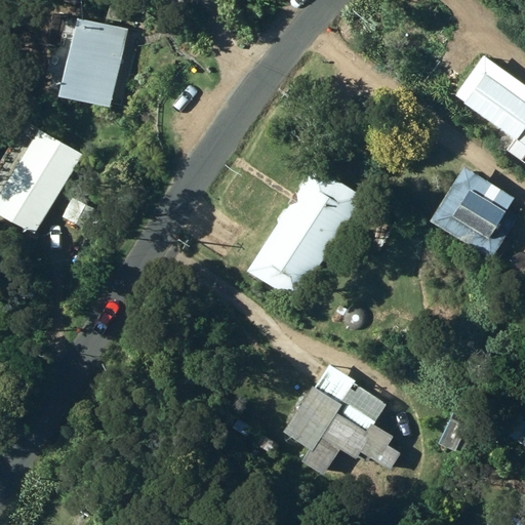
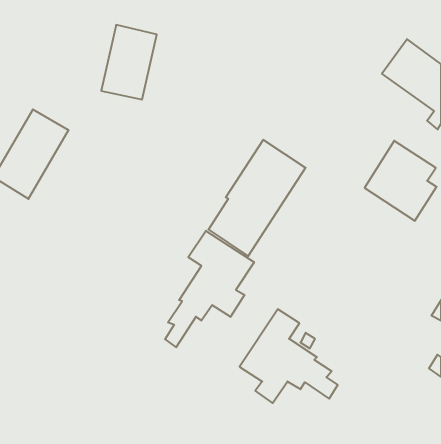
building: [62,18,127,107] -> [101,25,157,100]
building: none -> [165,231,254,347]

